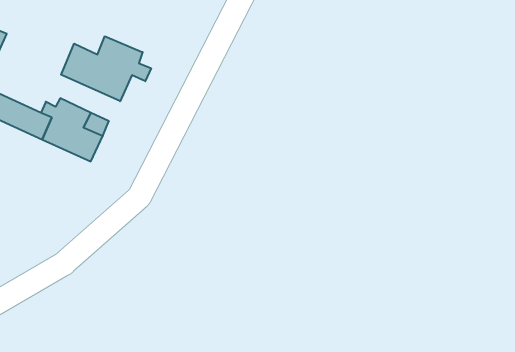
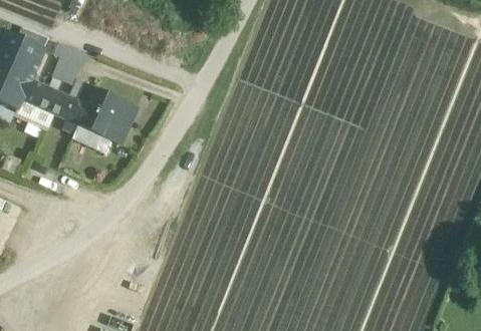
building: [61,36,151,101] -> none

